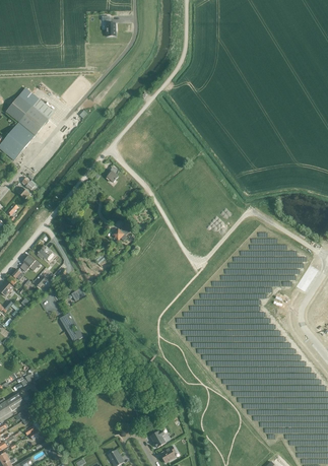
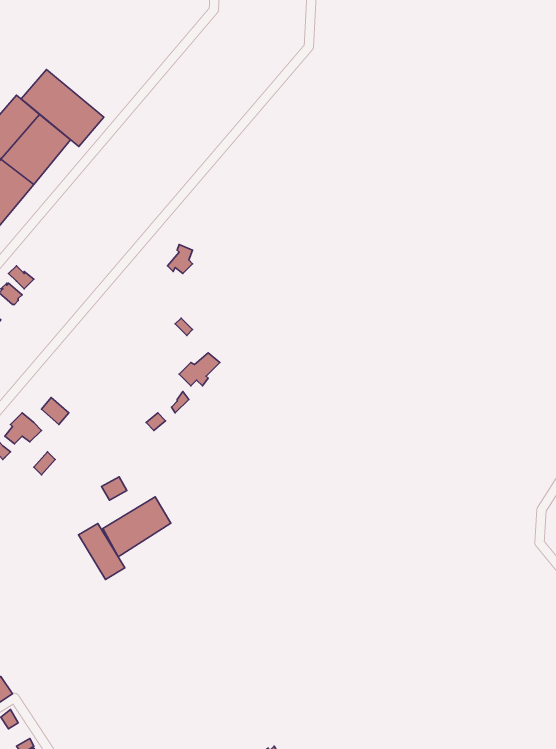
building: none -> [21,70,104,146]
building: none -> [103,497,171,557]

